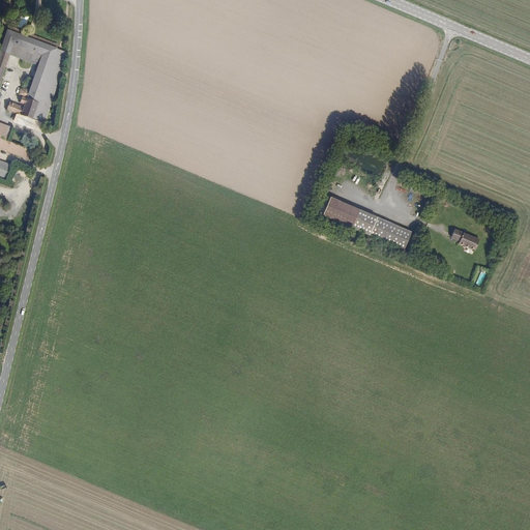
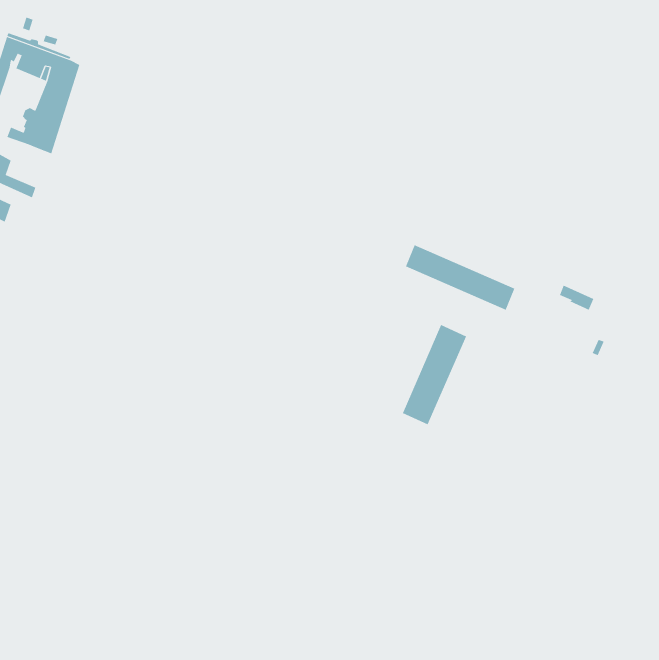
building: none -> [402,324,467,425]

